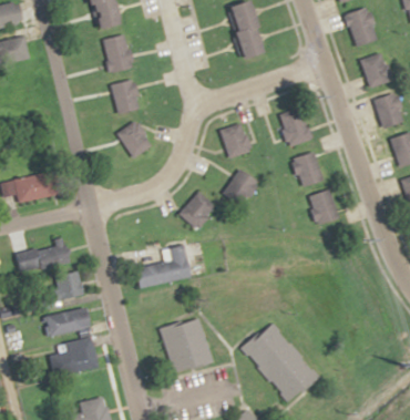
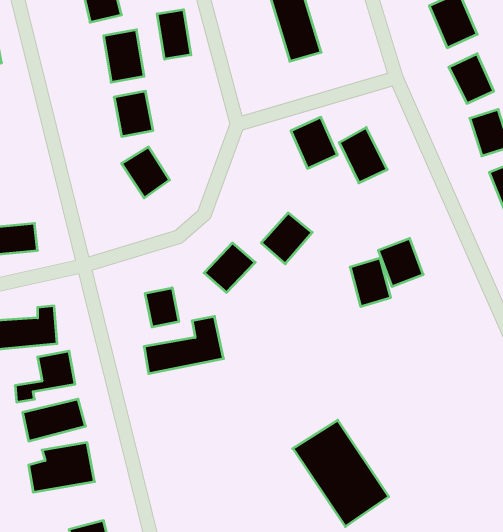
building: none -> [157,10,191,59]
building: [218,122,253,160] -> [291,117,337,168]
building: [293,152,322,187] -> [350,258,391,306]
building: none -> [145,288,179,327]
building: [162,319,212,371] -> none

